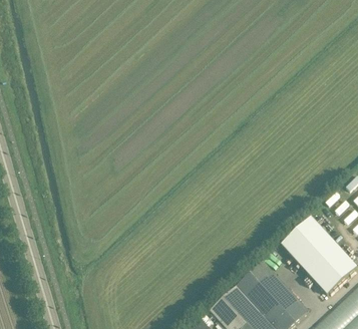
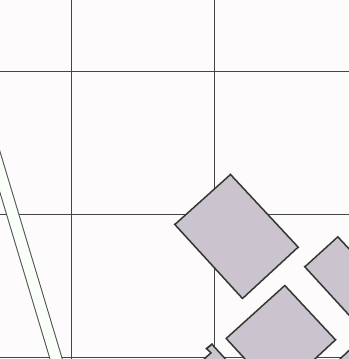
building: none -> [175,174,298,298]

